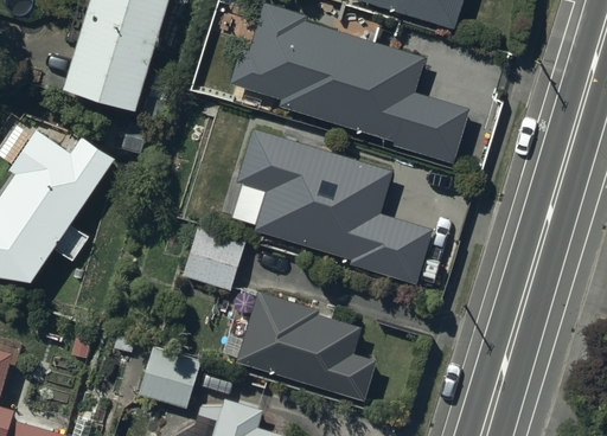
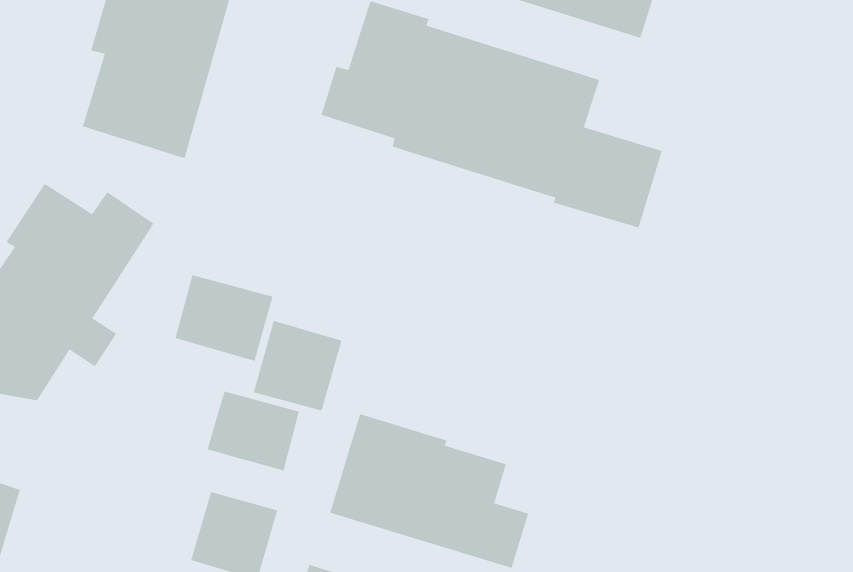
building: [237,130,430,283] -> none
building: none -> [174,274,273,362]
building: none -> [207,391,300,471]

